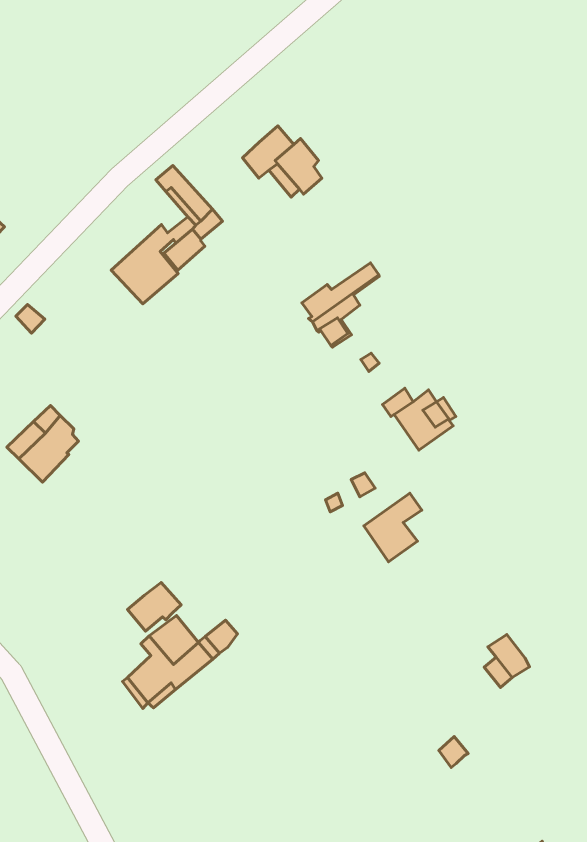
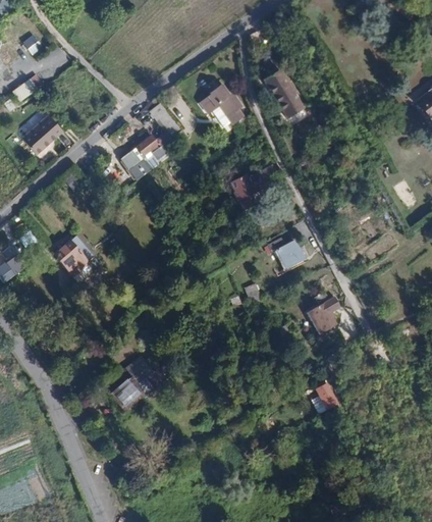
building: none -> [261,70,299,119]
building: [364,493,422,562] -> [308,296,341,333]
building: [127,583,181,631] -> none

